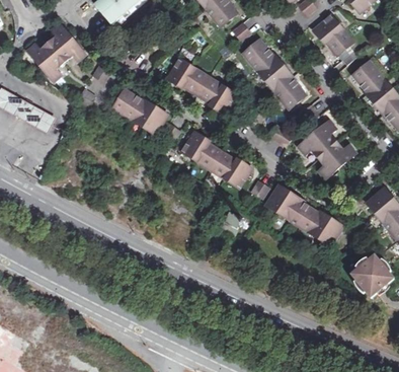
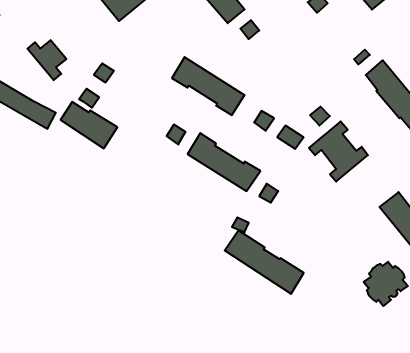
building: [313,14,352,55] -> none
building: [50,23,84,60] -> none
building: [242,39,305,108] -> none
building: [112,89,167,134] -> [61,102,117,148]
building: [265,184,341,245] -> [225,231,304,294]

